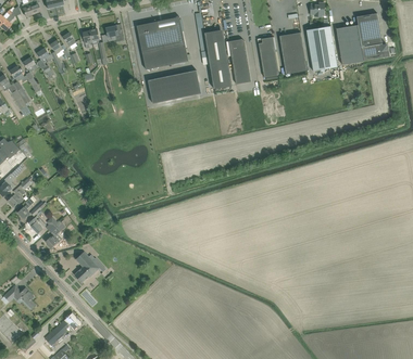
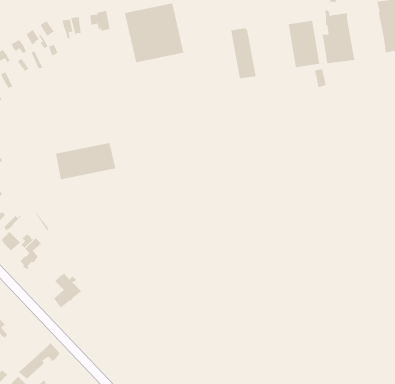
building: [336,25,363,65] -> none
building: [204,31,231,89] -> none
building: [256,37,278,77] -> none
building: [148,70,201,103] -> [55,142,116,180]

